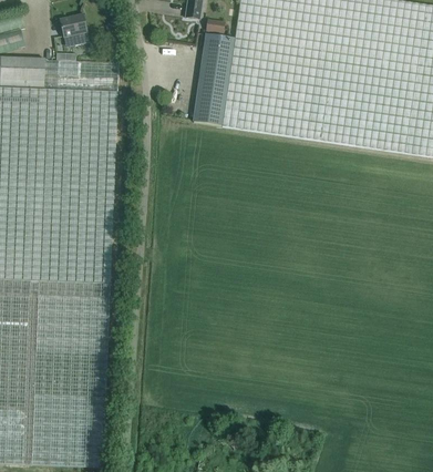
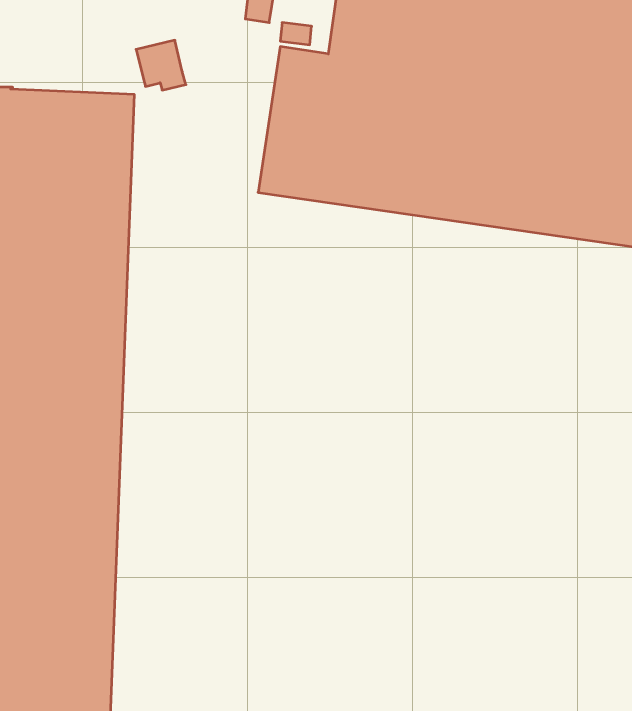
building: [59,13,89,43] -> [136,40,186,90]

